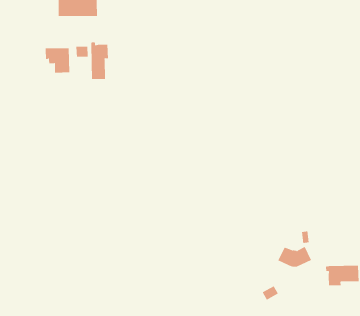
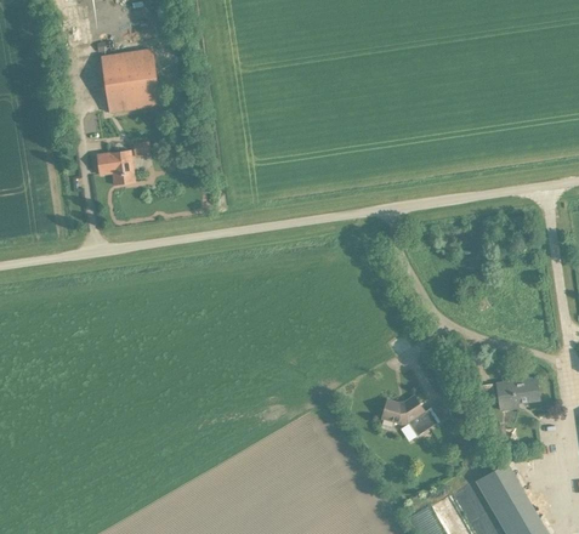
building: [91,41,108,80] -> none
building: [278,246,312,267] -> [382,396,426,425]

